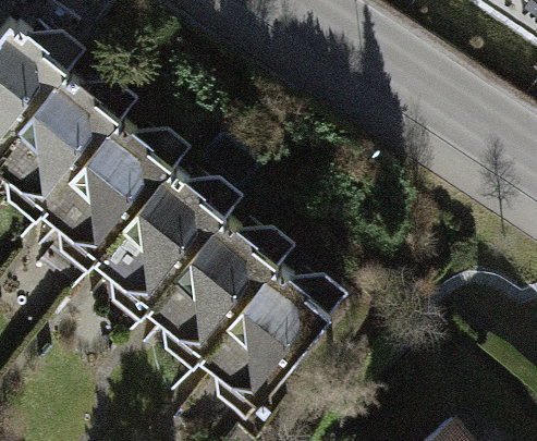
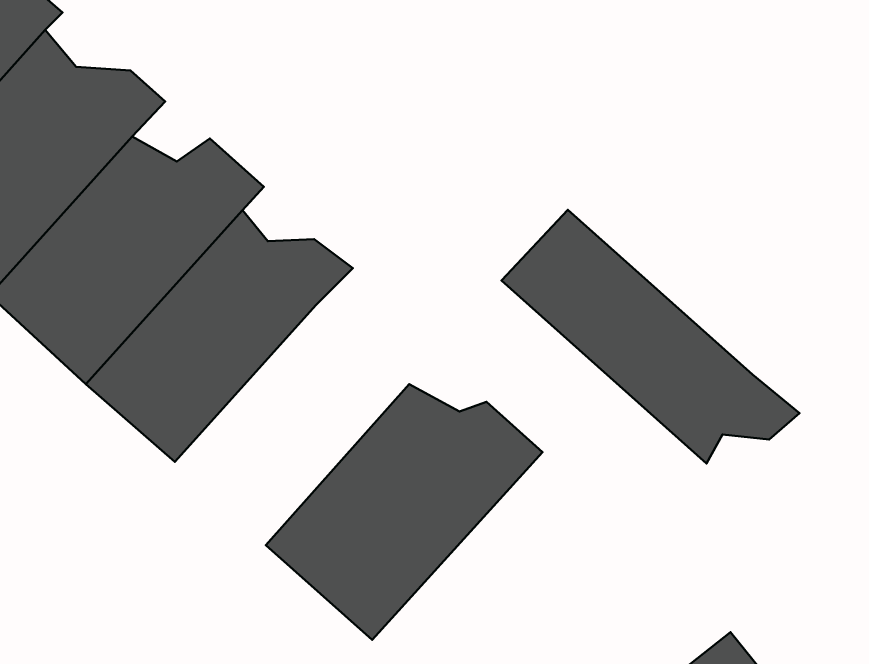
building: none -> [501,210,799,463]
building: [143,215,290,350] -> none

